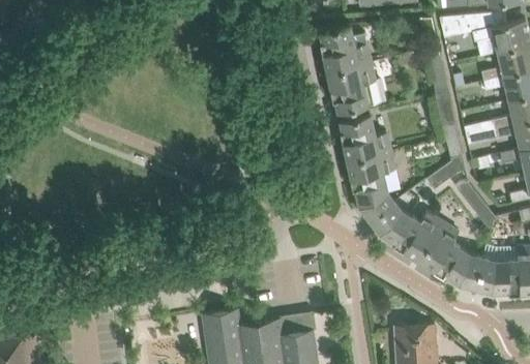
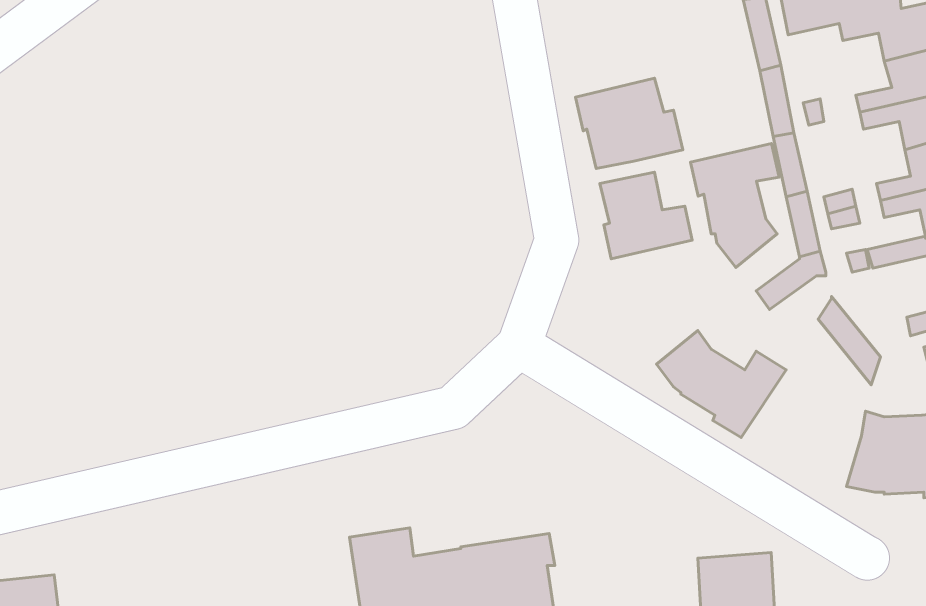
building: [320,26,371,73] -> none
building: [347,152,395,220] -> [691,143,779,268]
building: [418,223,484,287] -> none

